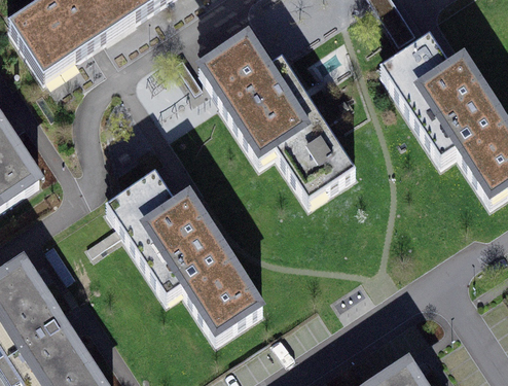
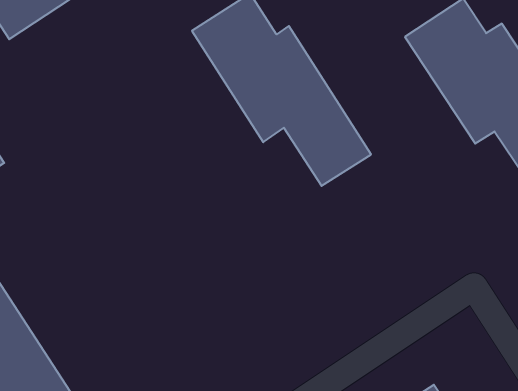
building: [109,171,263,331] -> none

